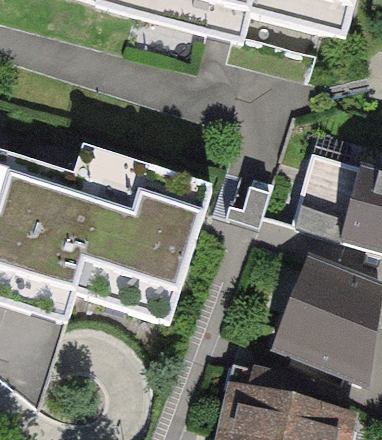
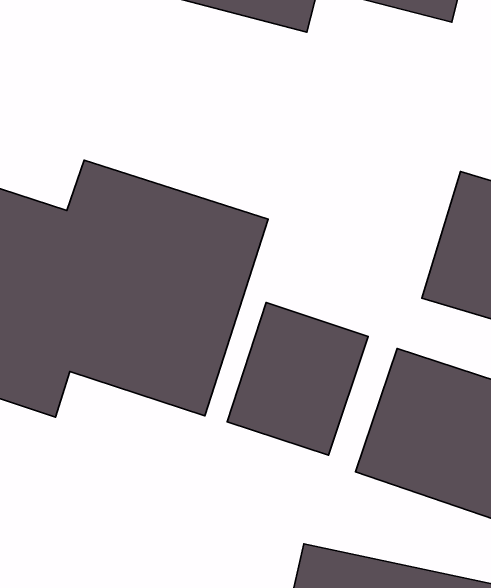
building: none -> [227,302,368,455]

